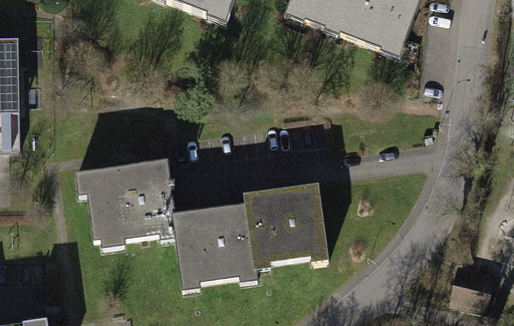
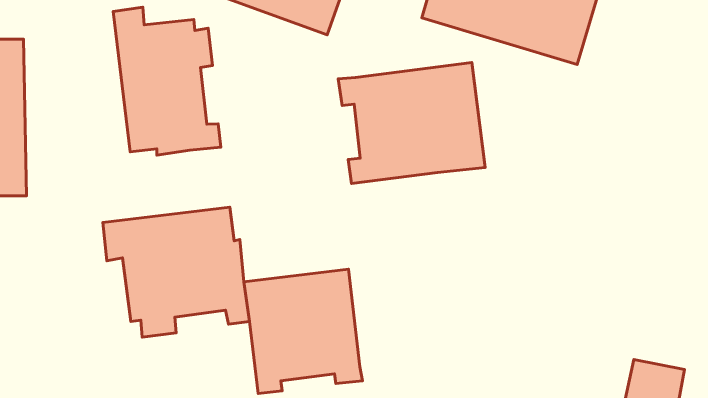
building: none -> [113,7,221,155]
building: none -> [338,63,485,183]
building: [246,181,330,271] -> none

